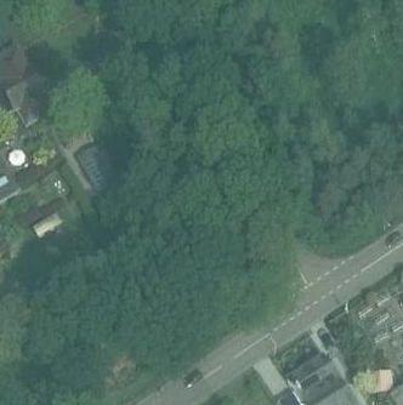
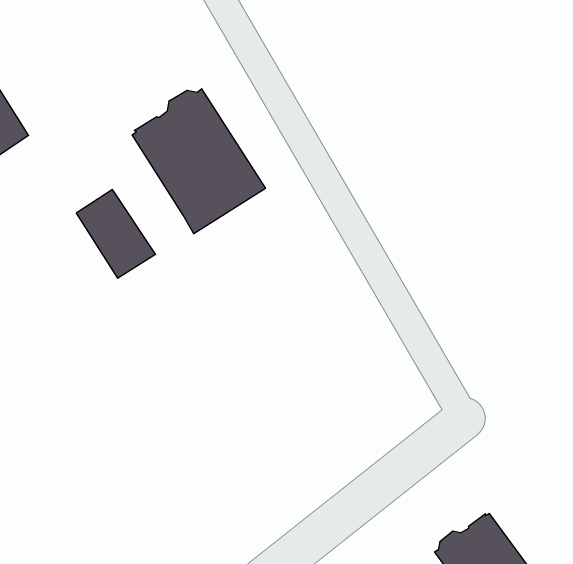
building: none -> [132,89,265,234]

